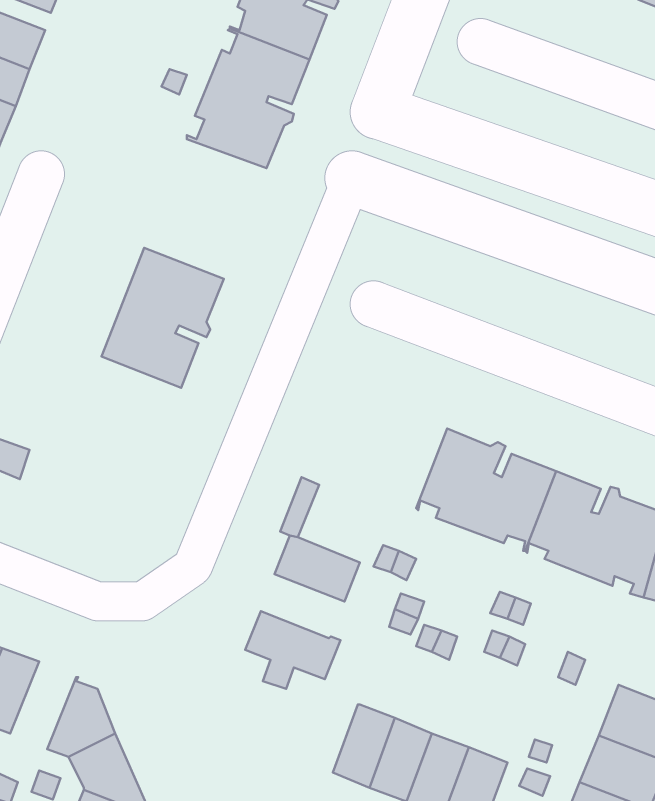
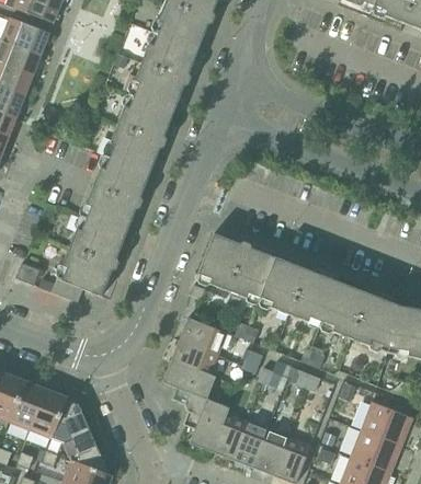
building: none -> [105,93,174,172]
building: none -> [52,216,126,301]
building: none -> [196,232,276,301]
building: none -> [171,338,218,374]
building: none -> [30,388,67,437]
building: none -> [183,397,229,450]

